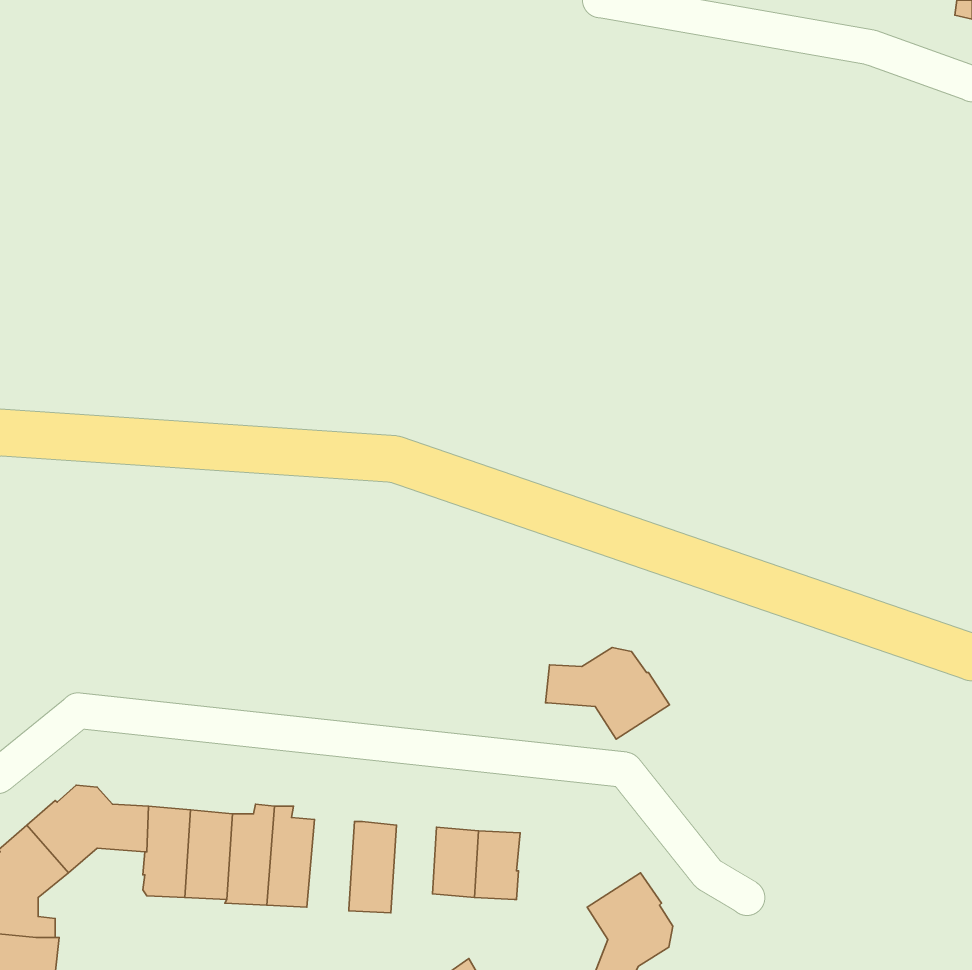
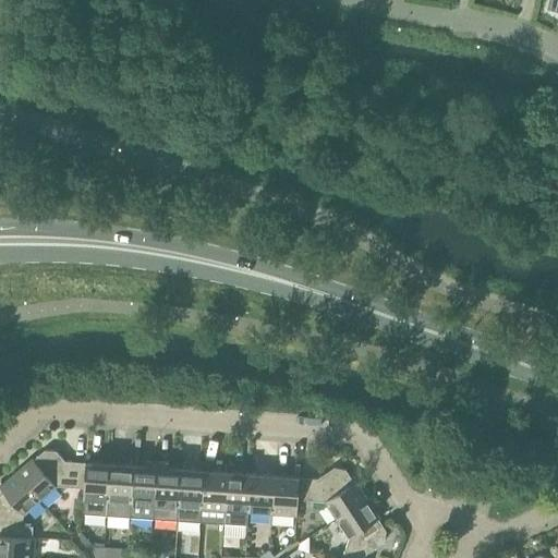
building: [546,648,670,739] -> [295,469,366,521]
building: none -> [175,471,203,522]
building: none -> [223,474,250,526]

